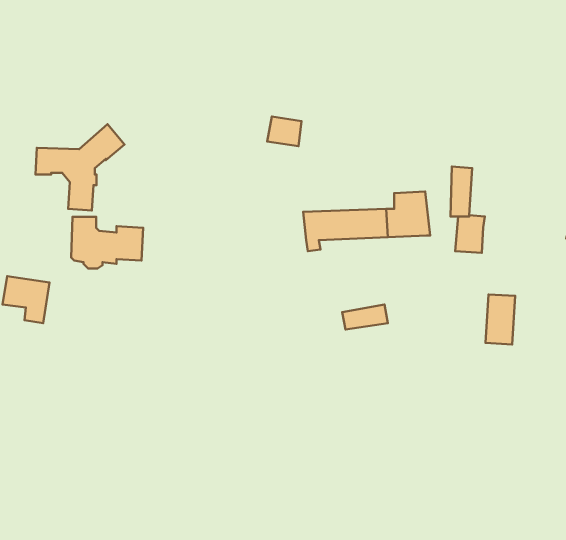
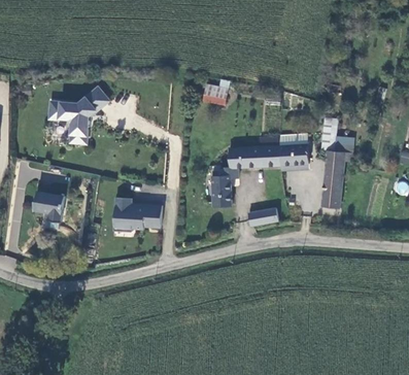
building: [71,217,143,268] -> [116,200,164,234]
building: none -> [211,166,234,206]
building: [485,294,515,345] -> [323,173,343,206]

